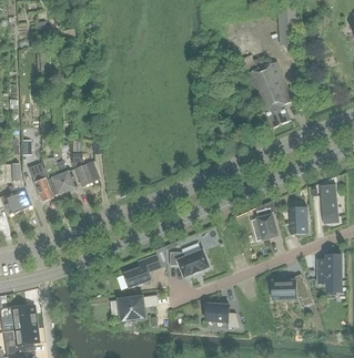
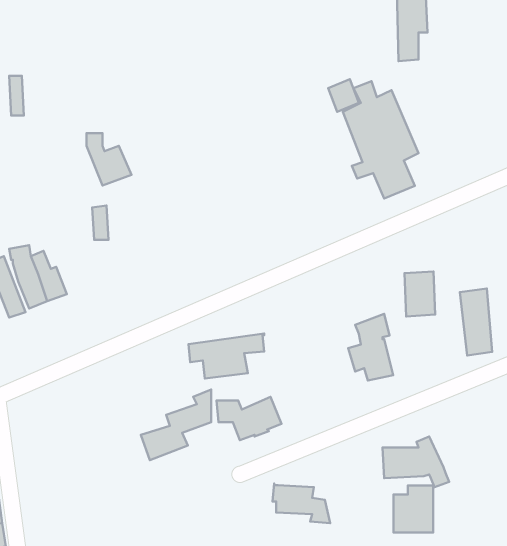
building: [71,153,99,185] -> [86,133,131,186]
building: [289,206,307,234] -> [405,271,435,316]
building: [316,254,341,283] -> [394,486,433,532]
building: [110,294,156,321] -> [188,333,264,378]

